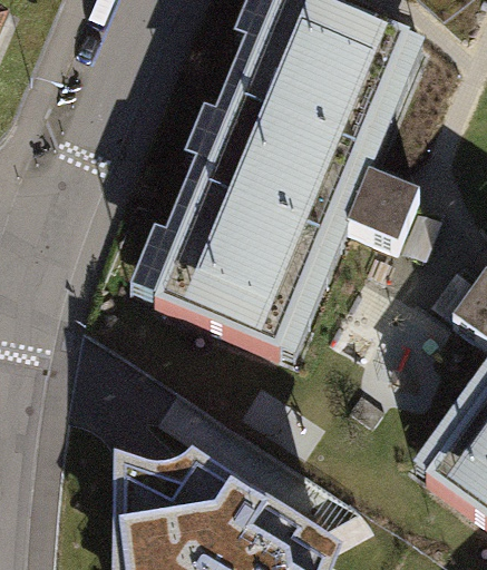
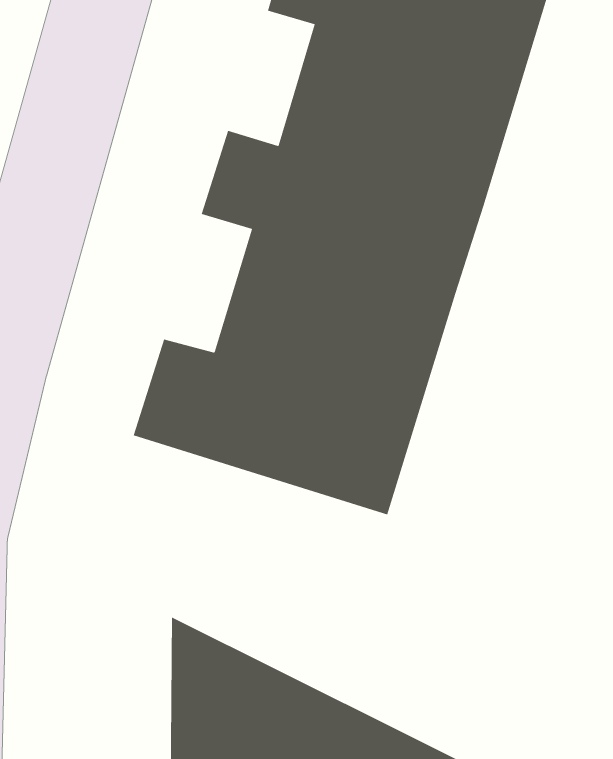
building: [341,174,429,253] -> none

